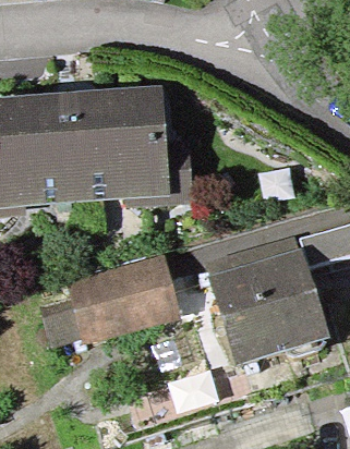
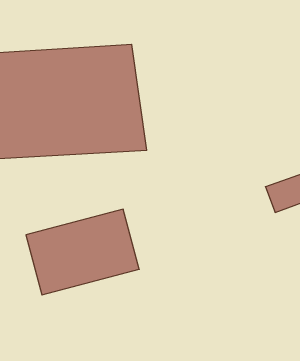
building: [204,243,324,362] -> none

